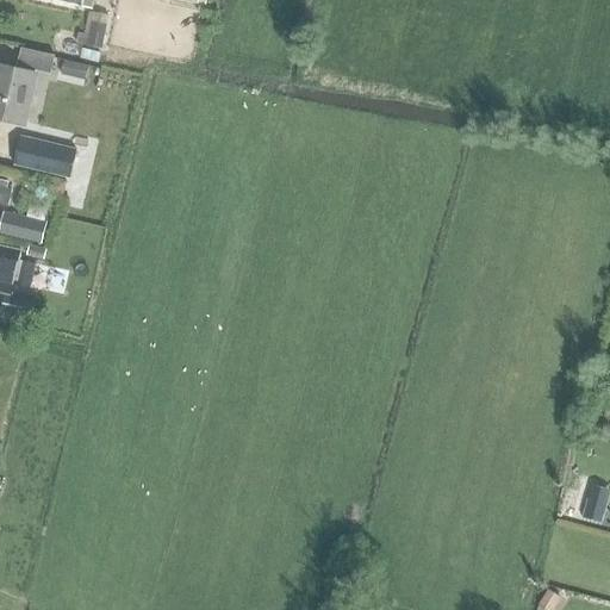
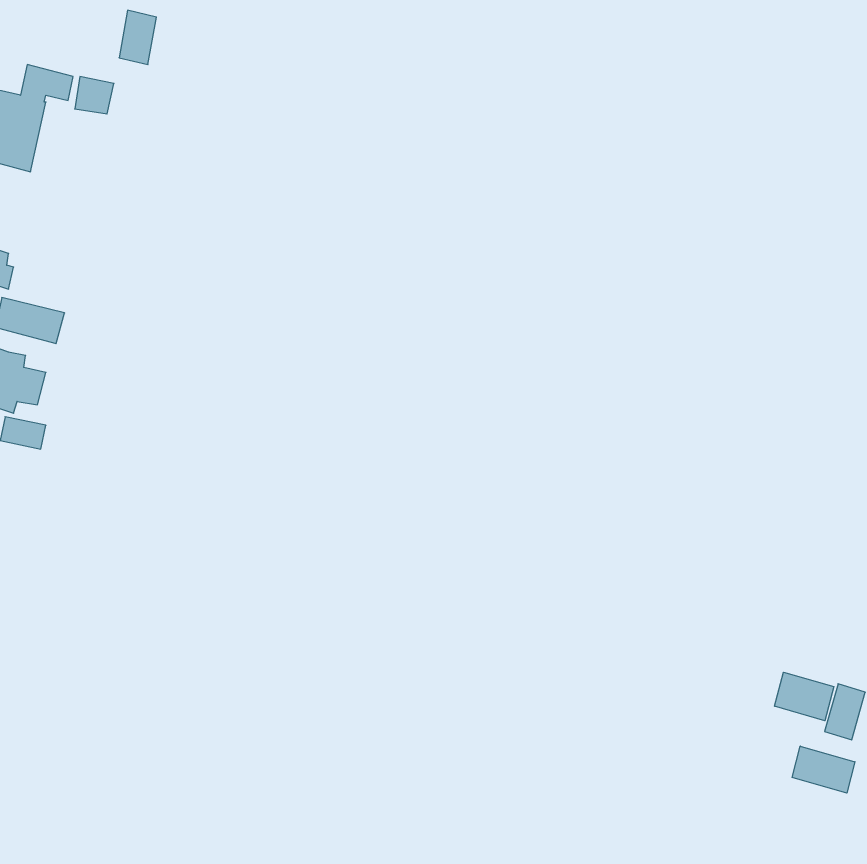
building: [12,136,76,178] -> none
building: none -> [775,672,834,721]
building: none -> [792,746,855,793]

